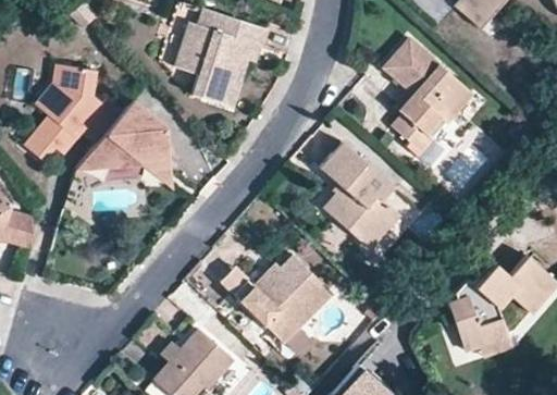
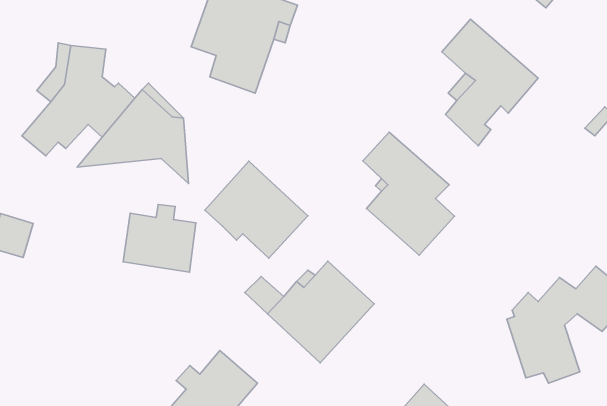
building: none -> [205,161,308,258]
building: none -> [123,205,196,272]

